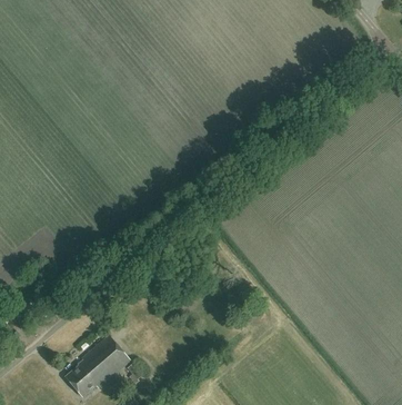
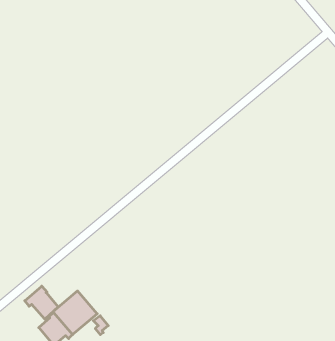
building: none -> [25,286,58,319]

